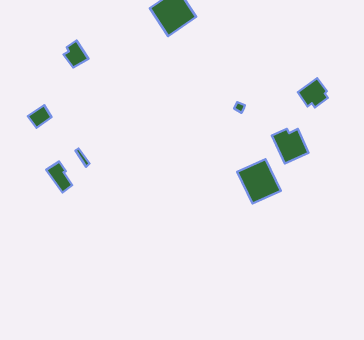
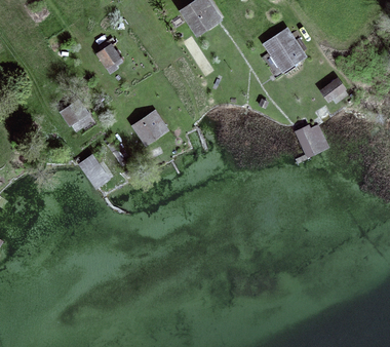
building: none -> [262,28,307,74]
building: none -> [132,112,165,146]
building: [237,159,281,204] -> none

